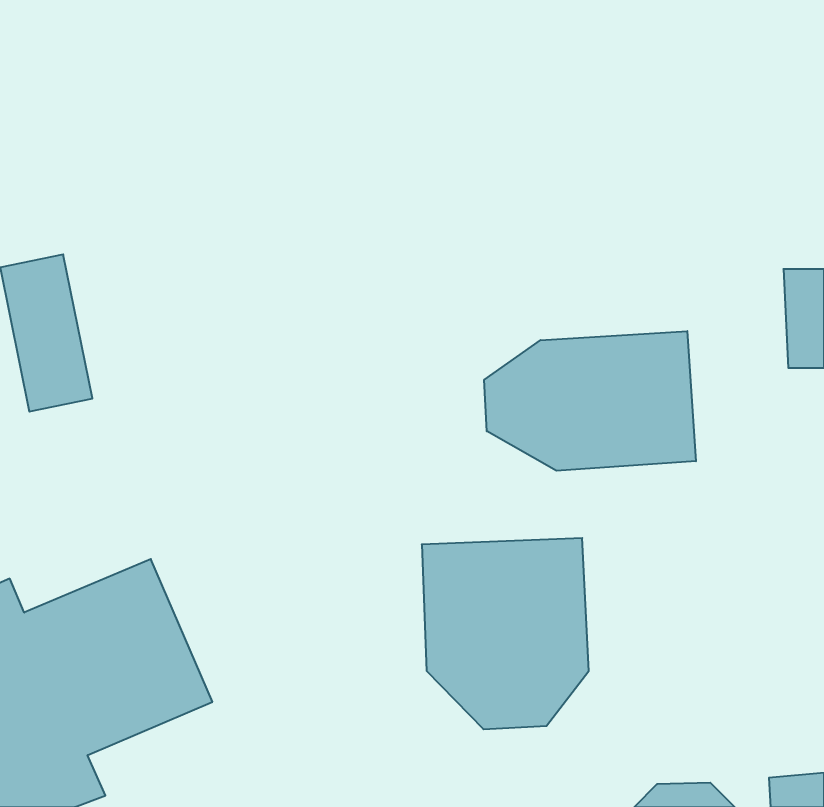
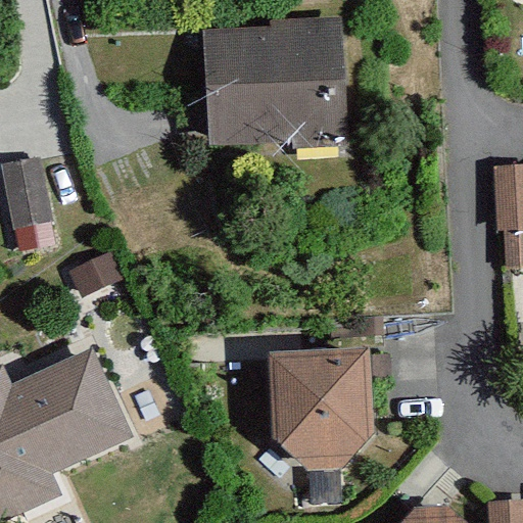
building: none -> [203,19,350,157]
building: [484,331,696,471] -> none

